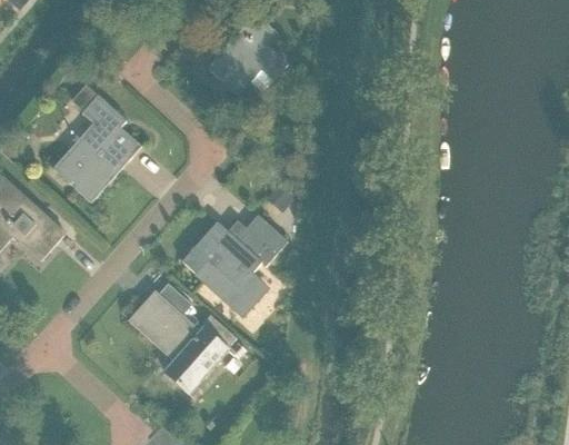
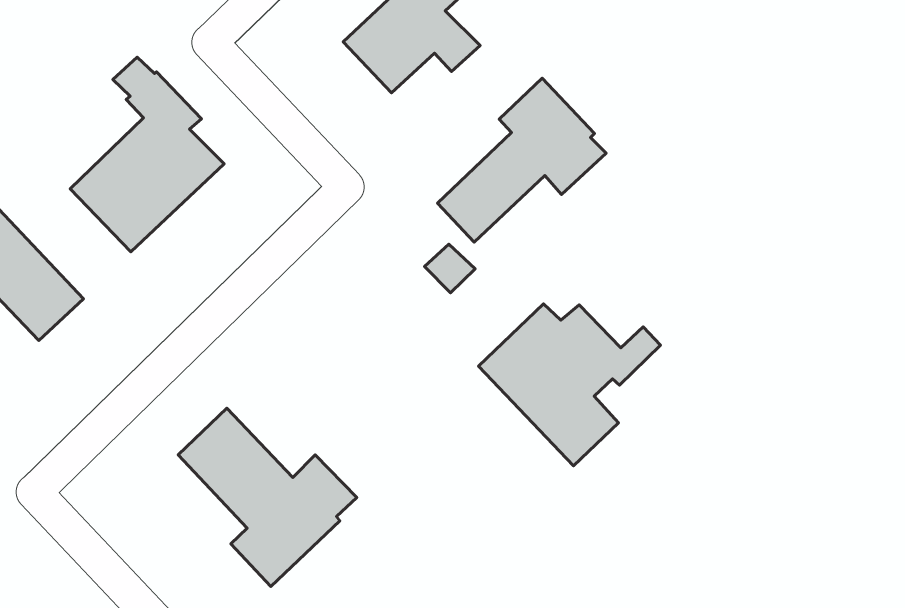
building: none -> [437,78,606,242]
building: [181,220,288,316] -> [478,304,660,466]

